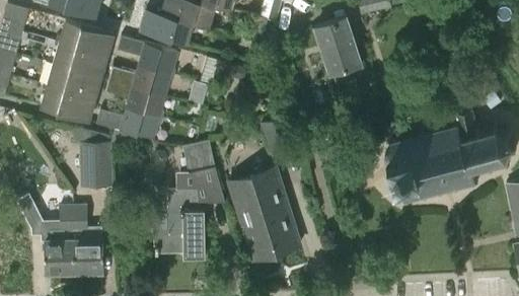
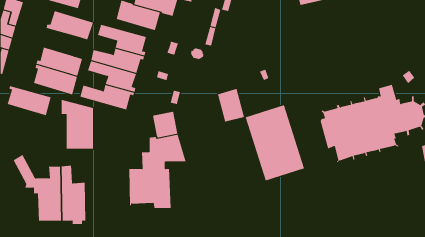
building: [316,18,362,76] -> none
building: [53,43,106,79] -> [7,85,52,116]
building: [230,168,302,261] -> [245,104,305,181]

